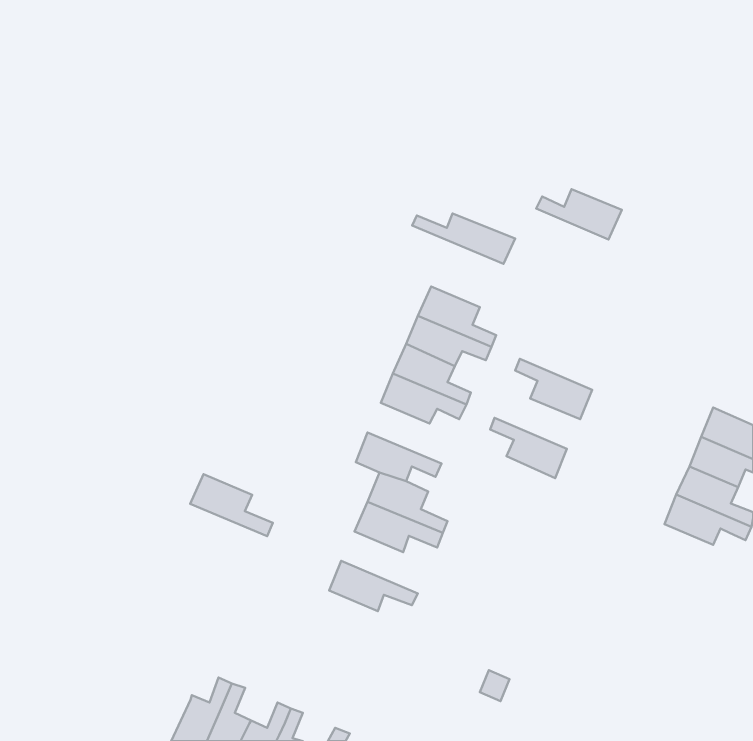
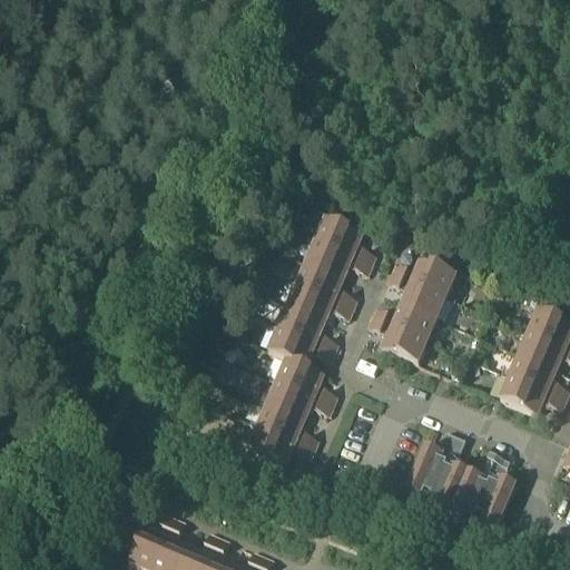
building: [536,189,622,239] -> [392,256,456,294]
building: [412,213,515,264] -> none
building: none -> [373,301,438,338]
building: none -> [277,304,336,350]
building: [190,474,273,536] -> [257,401,320,448]
building: none -> [406,429,515,525]

